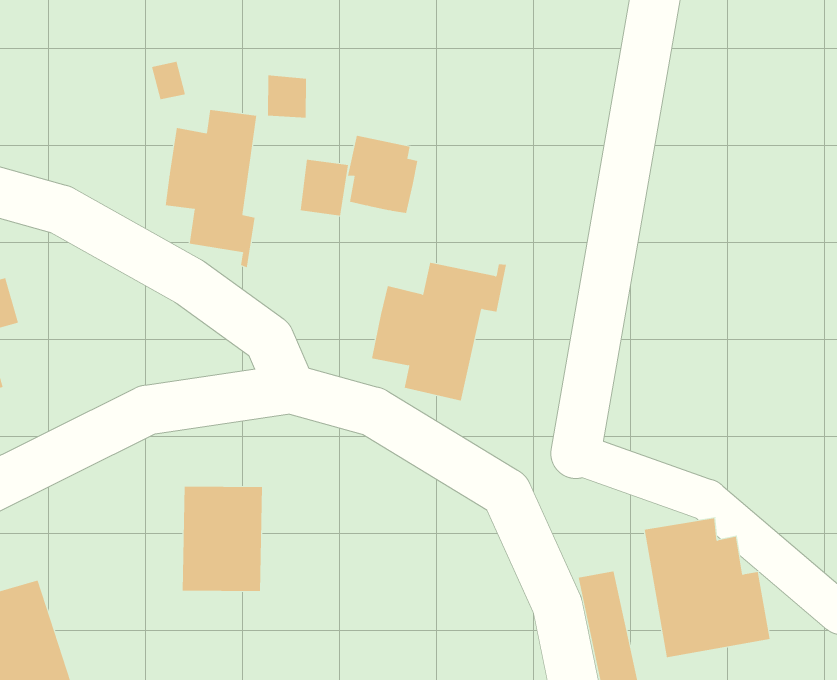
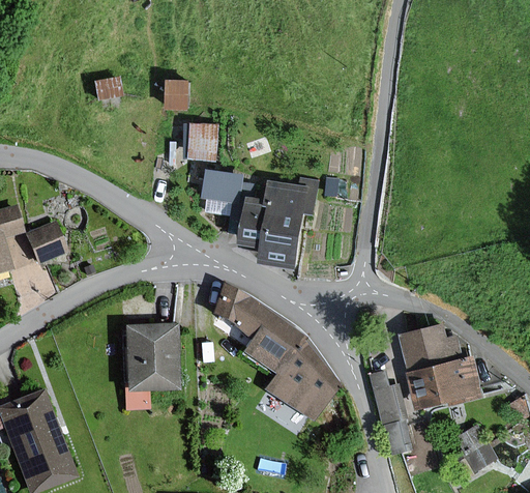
building: [165,109,257,268] -> none
building: [347,135,418,213] -> [202,170,244,215]
building: none -> [27,226,67,266]
building: none -> [212,285,336,416]

